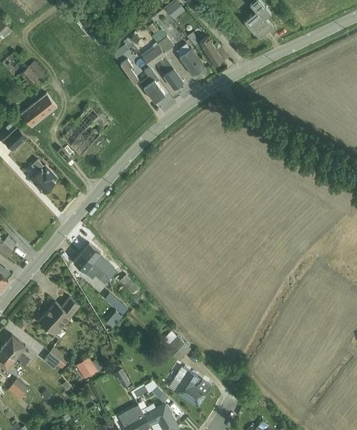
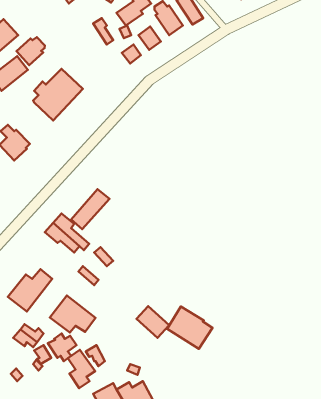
building: none -> [17,37,45,65]
building: none -> [71,189,110,229]
building: none -> [50,295,95,332]
building: [168,366,211,406] -> [167,307,212,349]
building: none -> [68,350,95,388]

